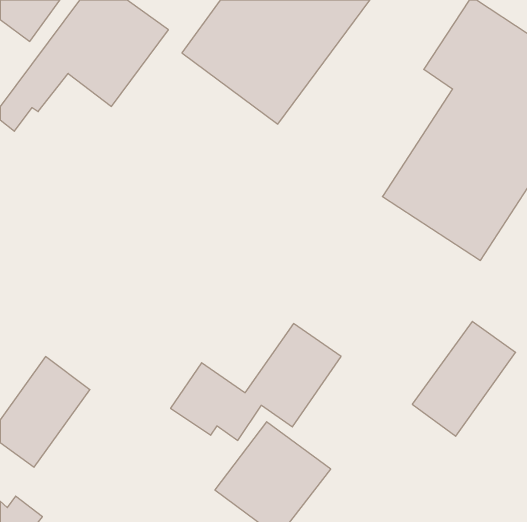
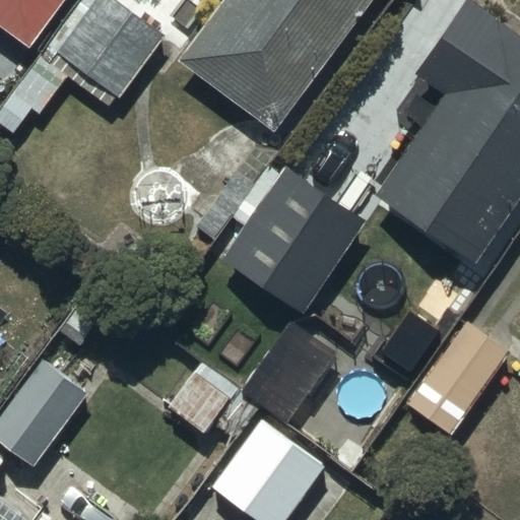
building: none -> [224,167,365,311]

